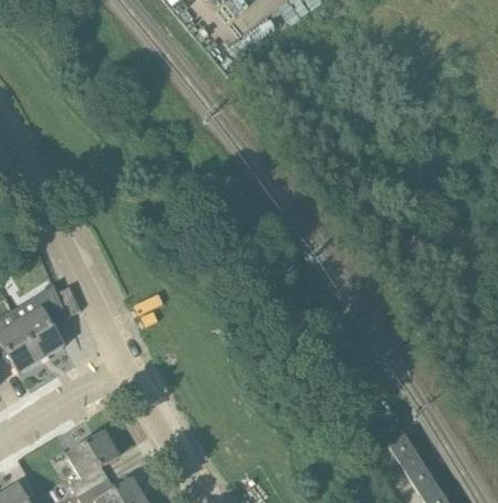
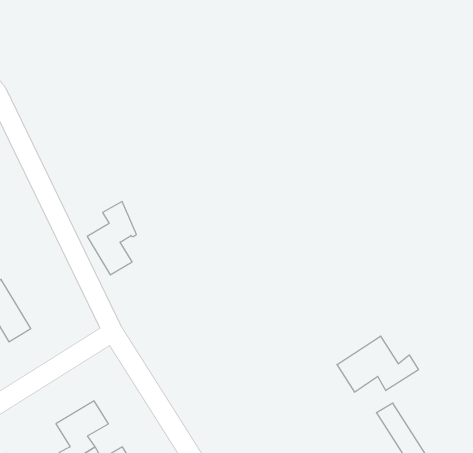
building: [18,286,67,359] -> [87,202,136,275]
building: none -> [337,336,418,392]

